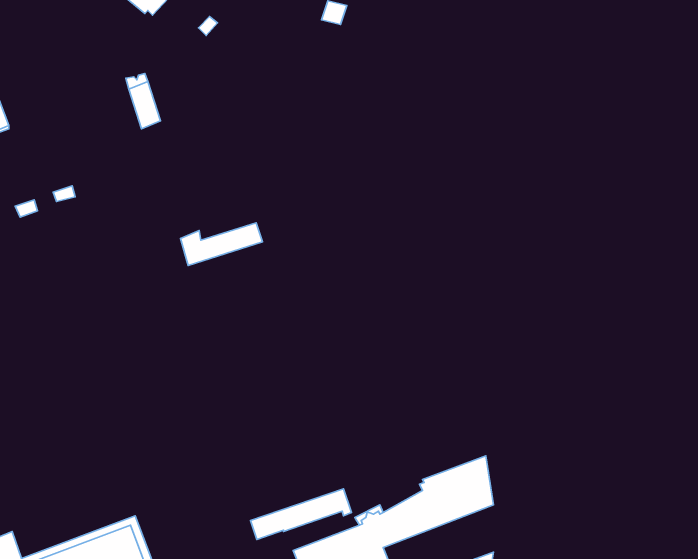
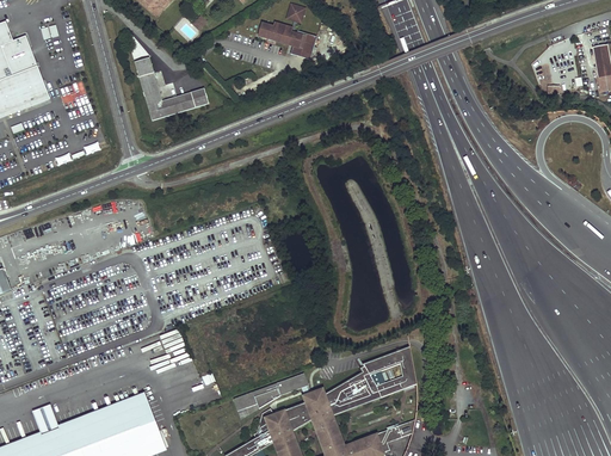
building: none -> [261,20,316,57]
building: [180,223,262,265] -> [149,87,211,119]

